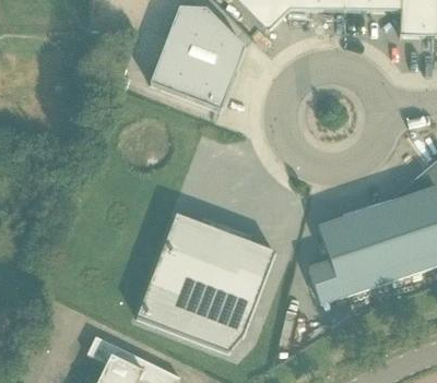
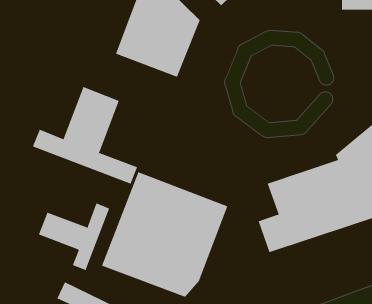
building: none -> [32,86,138,185]
building: none -> [38,203,110,271]

